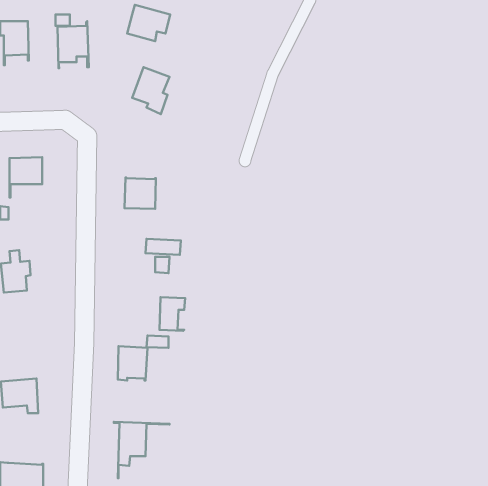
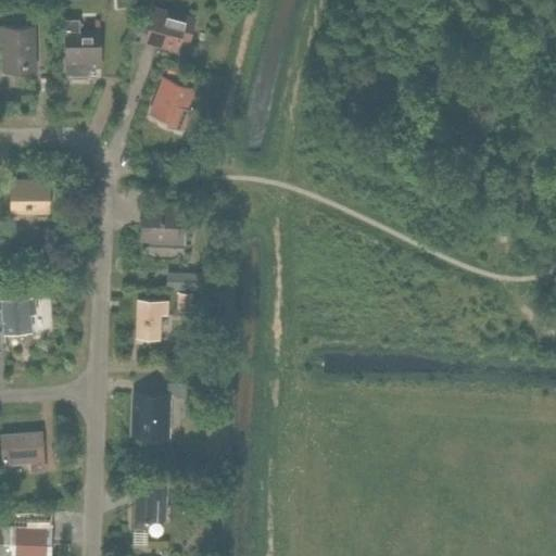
building: [159,297,185,331] -> [138,303,167,341]

